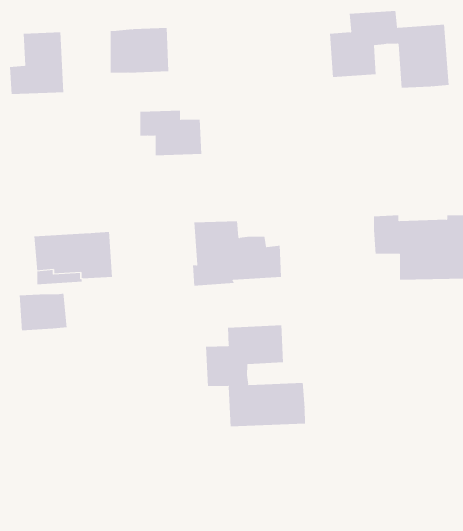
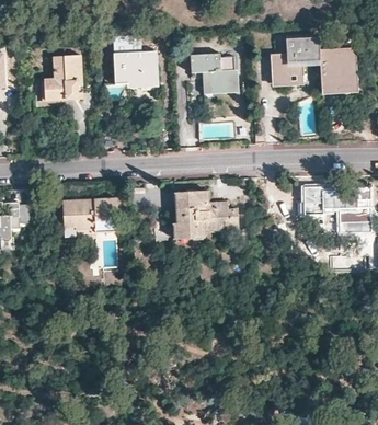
building: [140,110,202,156] -> [188,53,233,85]
building: [19,293,67,331] -> none
building: [206,325,305,427] -> none

